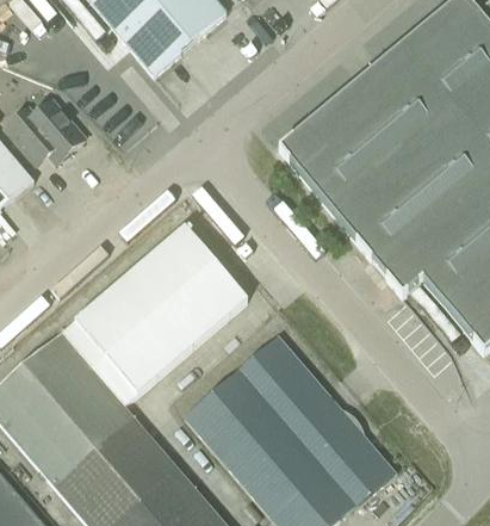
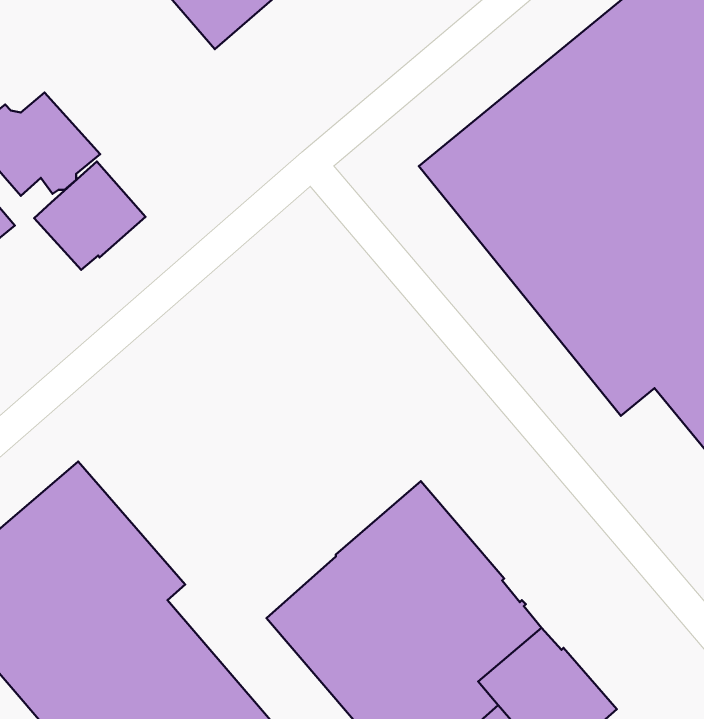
building: none -> [34,162,145,270]
building: [72,225,247,396] -> none

